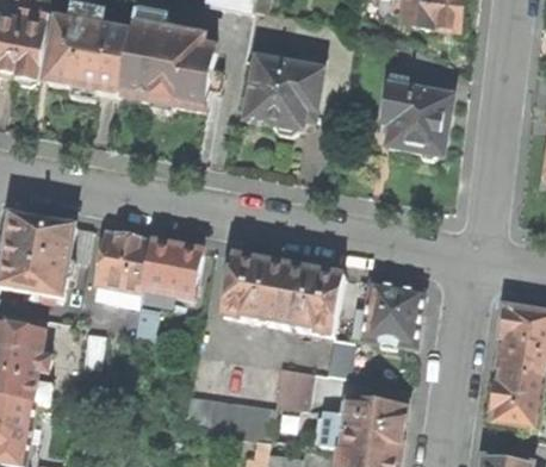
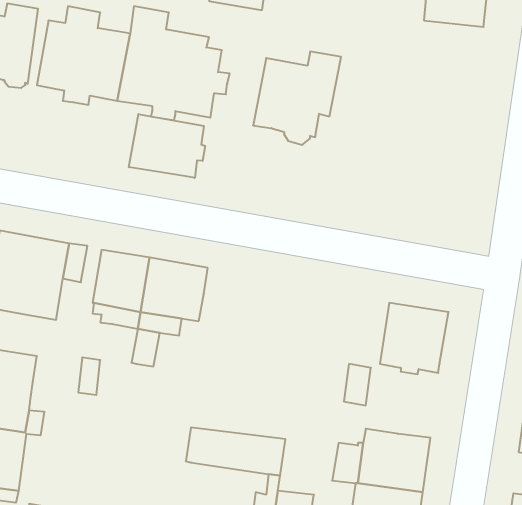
building: [379,80,452,158] -> none
building: none -> [129,114,205,178]
building: [221,254,343,331] -> none
building: [274,365,311,407] -> none

